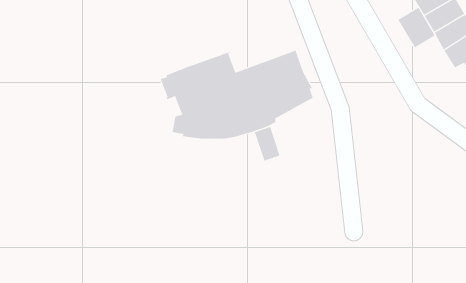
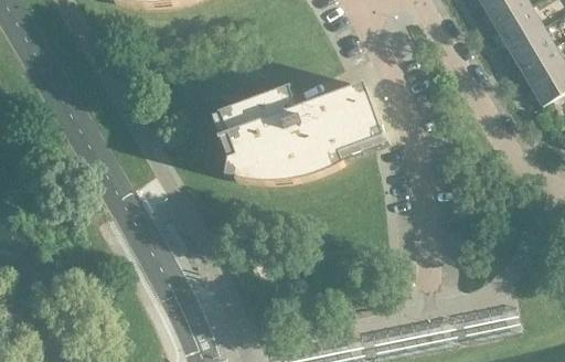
building: [398,7,436,48] -> none
building: [254,126,280,161] -> none

